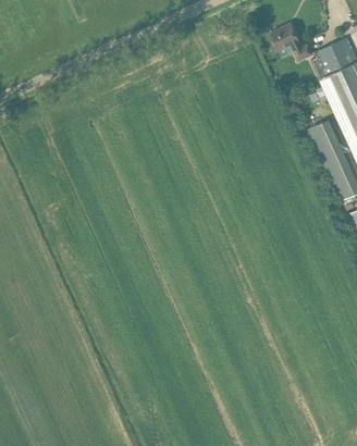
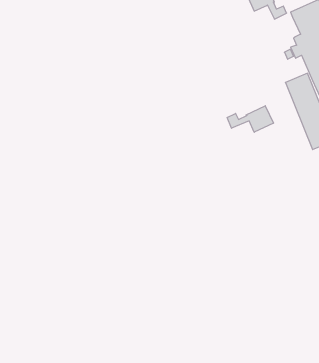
building: none -> [227,106,273,132]

